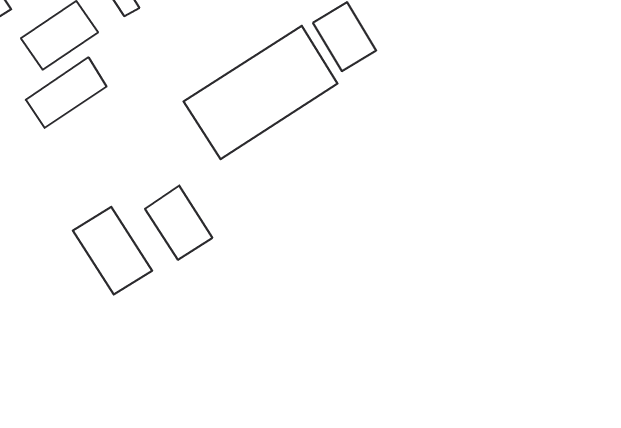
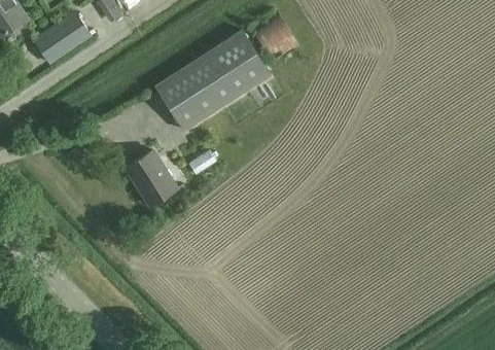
building: [26,57,106,128] -> none
building: [73,207,152,295] -> none

